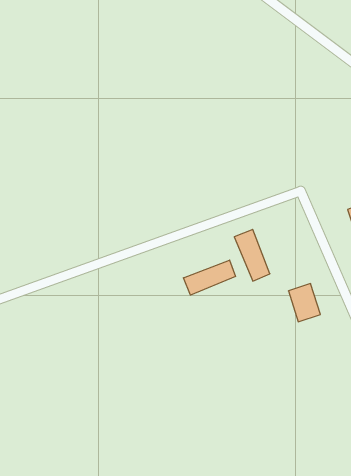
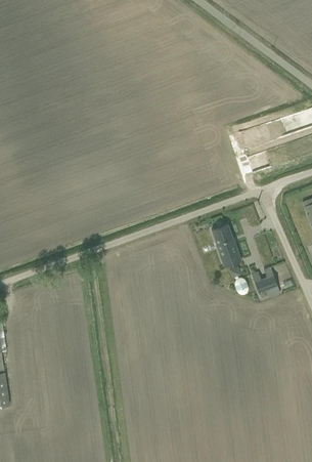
building: [183,260,236,295] -> none

